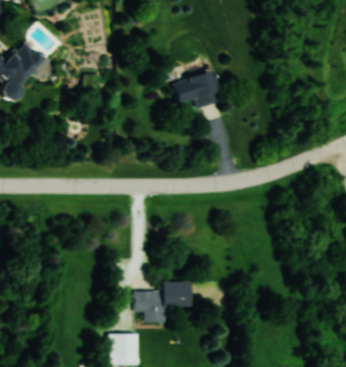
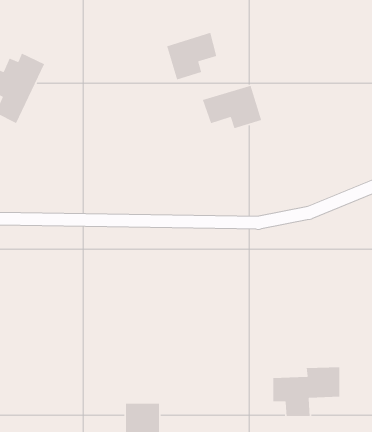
building: none -> [166,32,217,80]
building: [134,282,190,323] -> [272,366,340,417]

